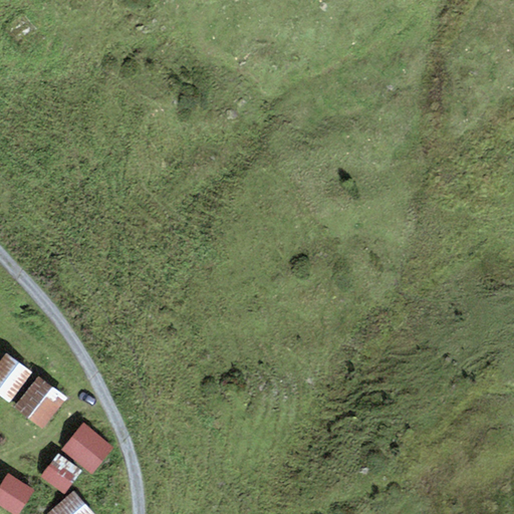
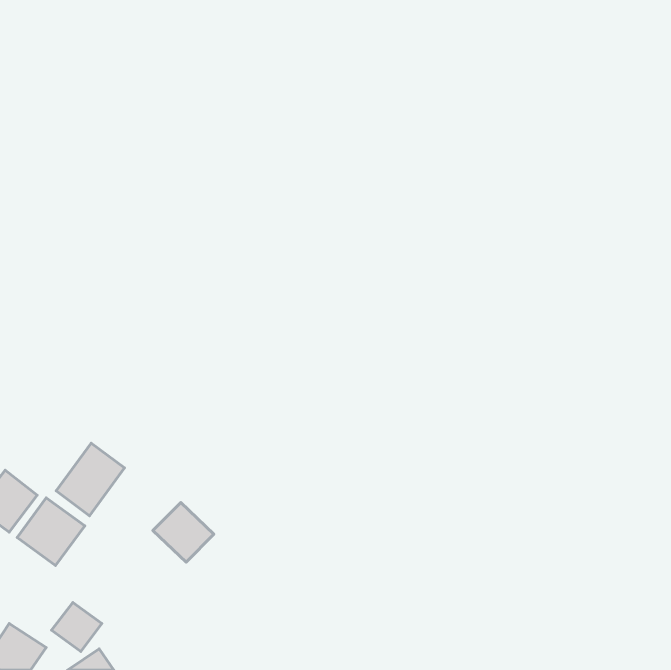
building: none -> [56,443,124,516]
building: [64,427,110,472] -> [153,503,214,562]

